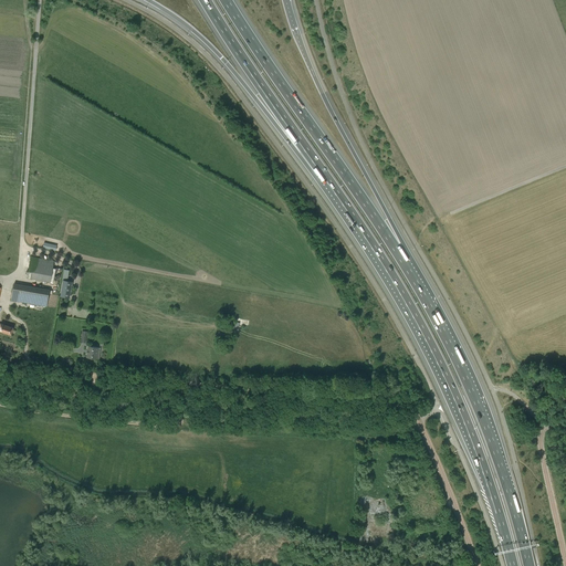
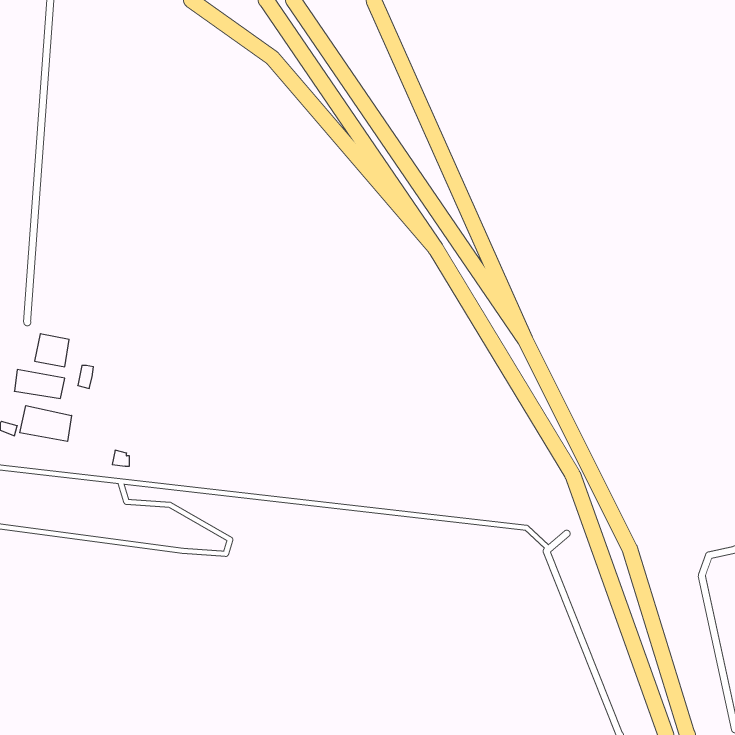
building: none -> [20,406,72,441]

